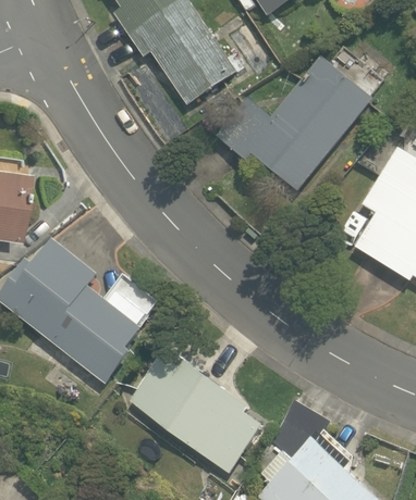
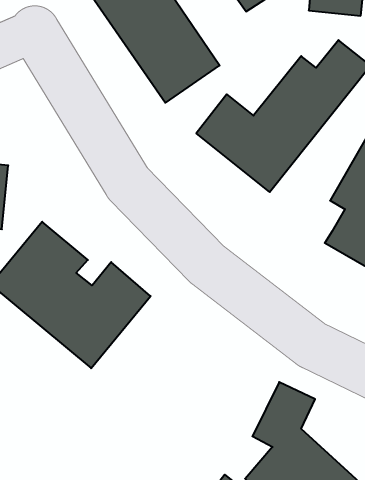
building: [126,340,267,470] -> none

